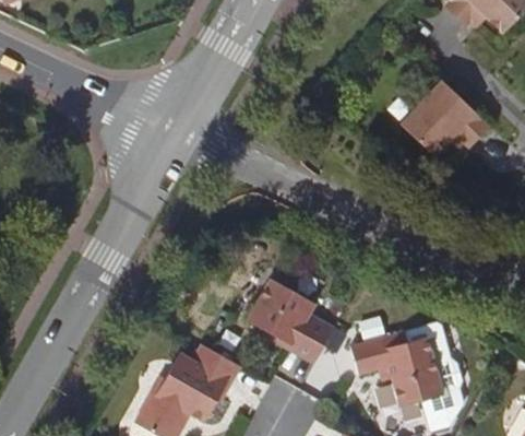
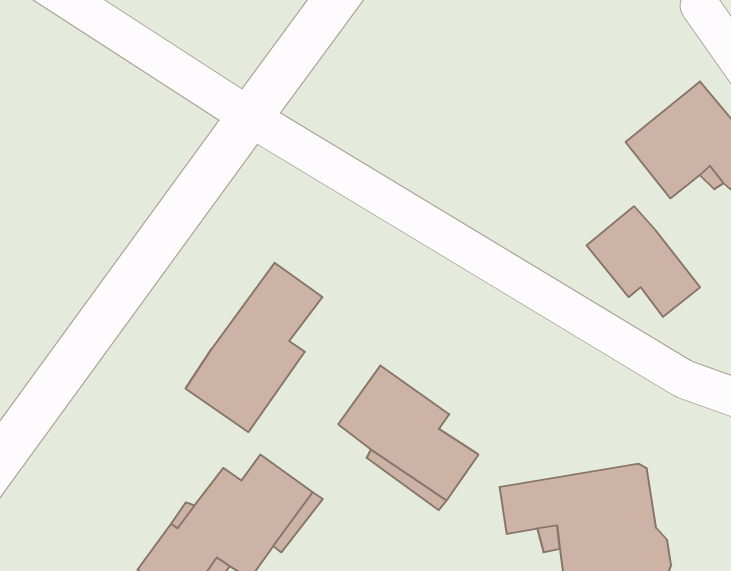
building: none -> [587,206,700,317]
building: none -> [186,263,322,432]

